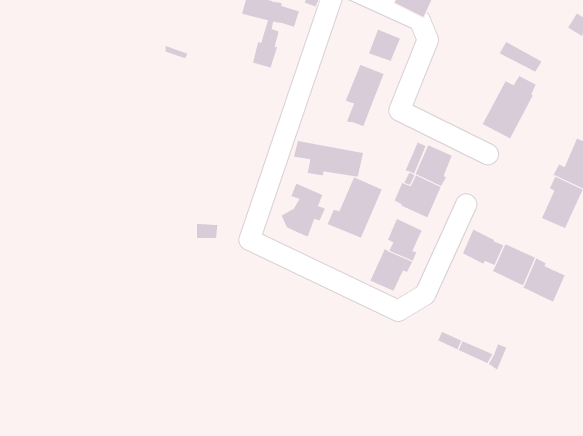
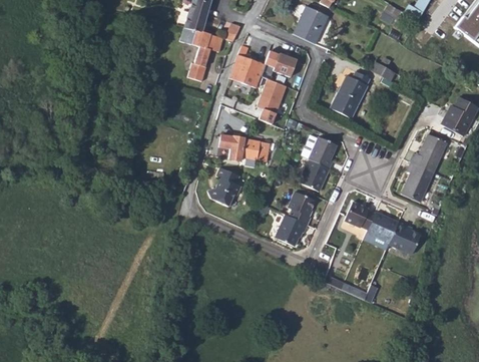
building: none -> [230,45,265,89]
building: [482,75,536,139] -> [331,71,371,118]
building: [327,177,383,239] -> none

